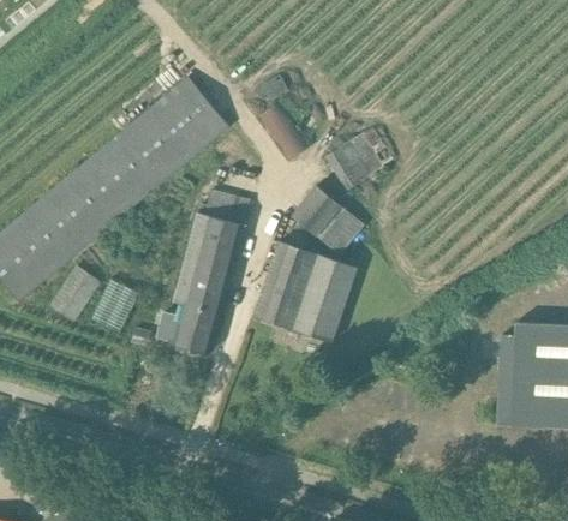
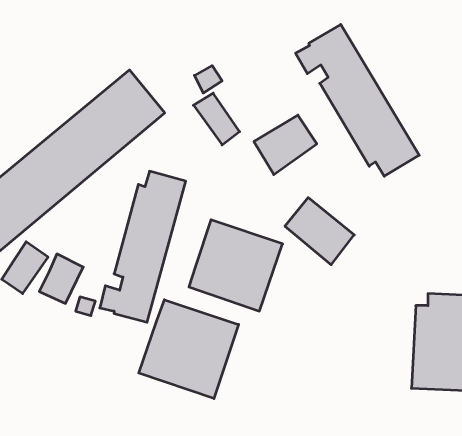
building: none -> [296,24,419,176]
building: [289,184,365,257] -> [285,198,354,265]
building: none -> [139,300,239,399]

